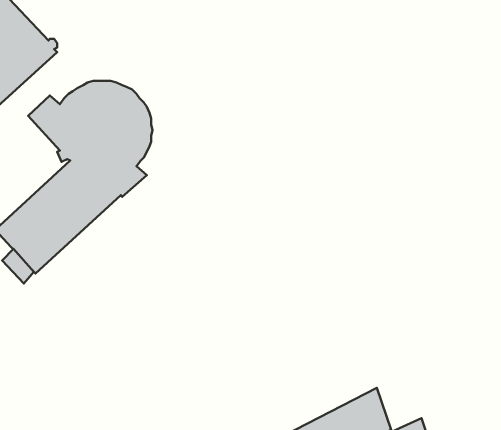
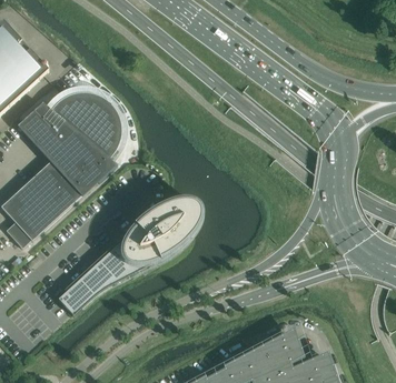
building: none -> [58,202,200,315]

